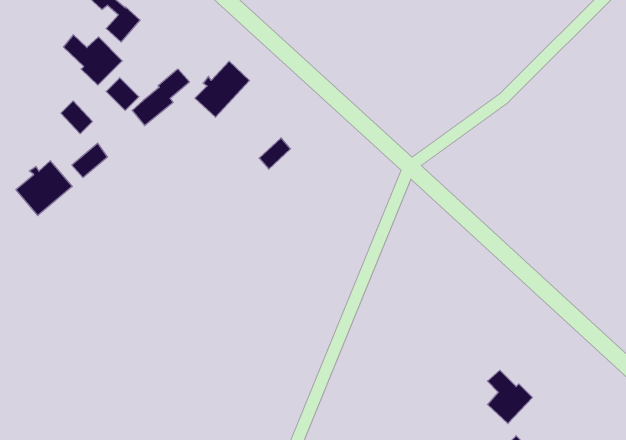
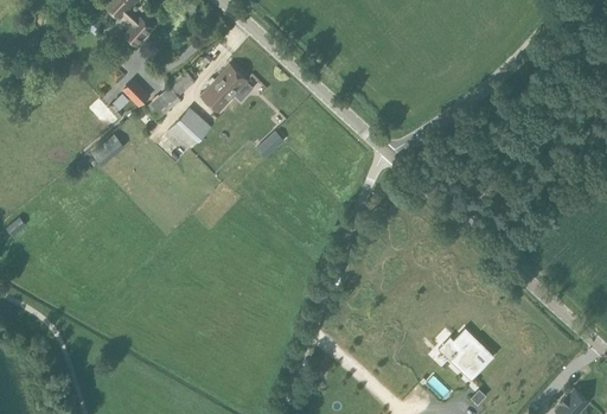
building: [64,35,122,85] -> none
building: none -> [166,107,211,149]
building: [16,161,72,216] -> none

